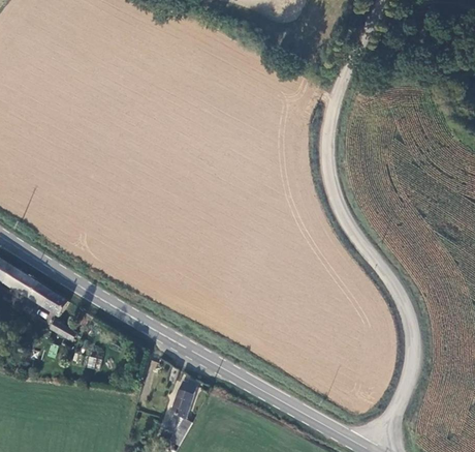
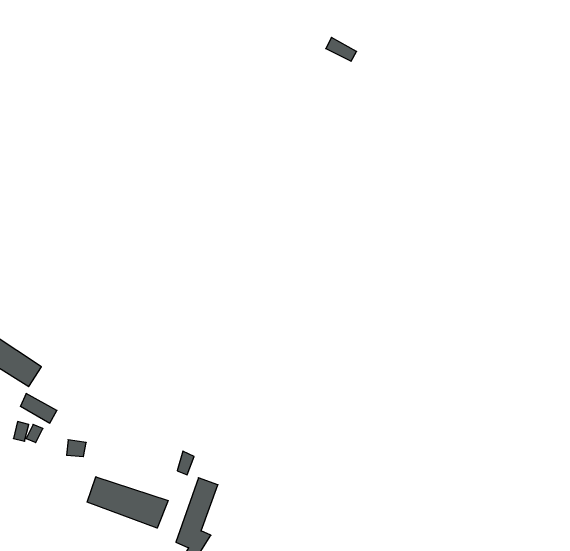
building: none -> [87,477,168,528]

